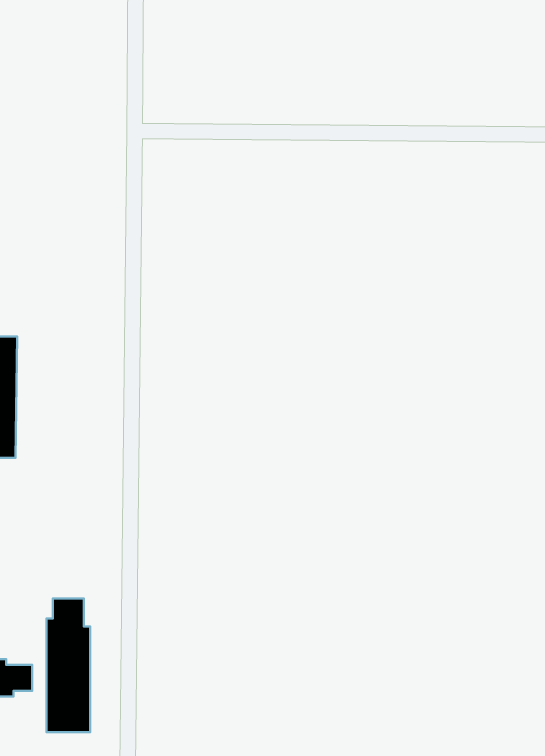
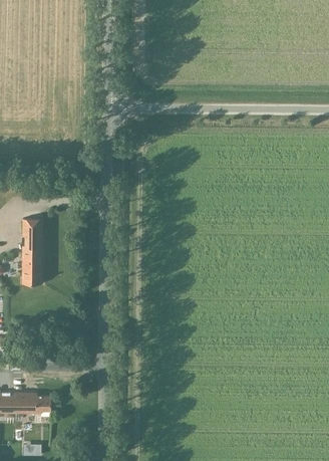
building: [46,598,90,732] -> none

